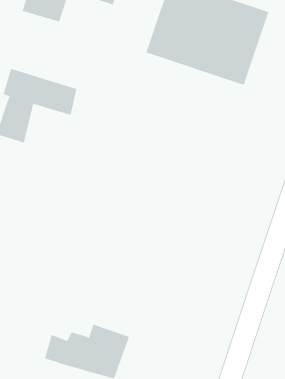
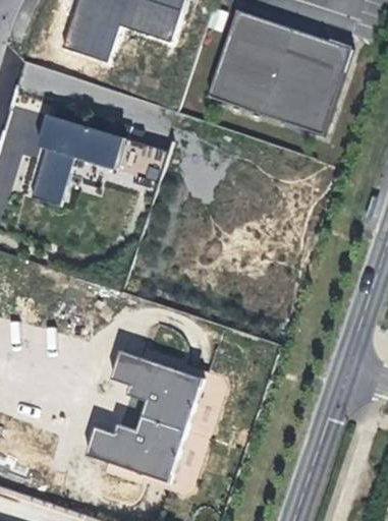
building: none -> [113,350,202,430]

